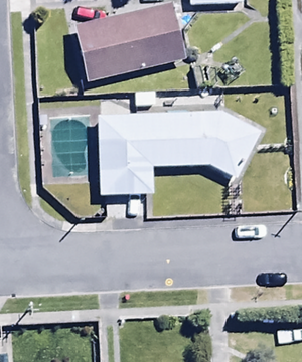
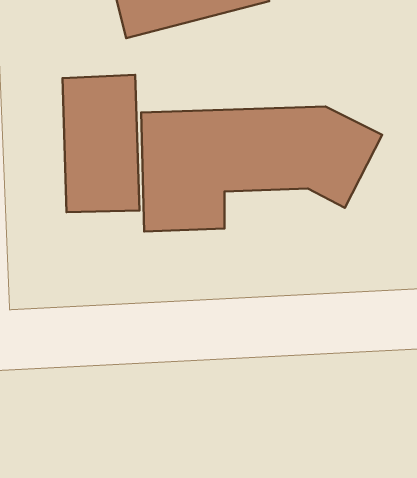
building: none -> [63,75,140,212]

